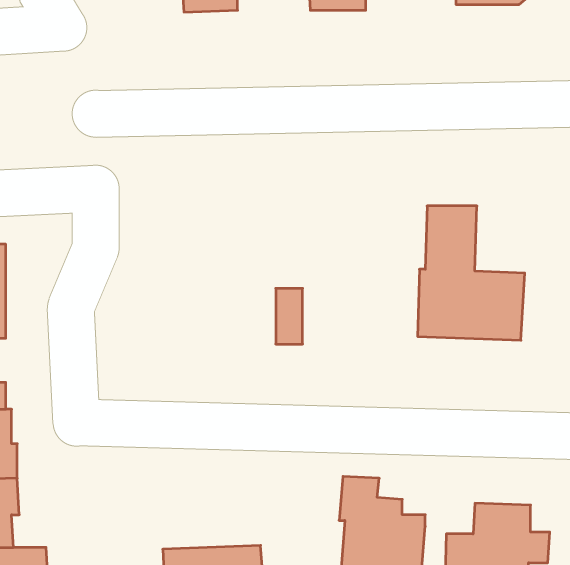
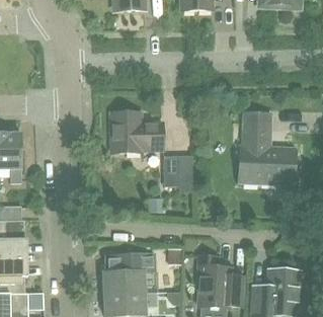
building: none -> [111,111,164,152]
building: none -> [103,253,156,294]

